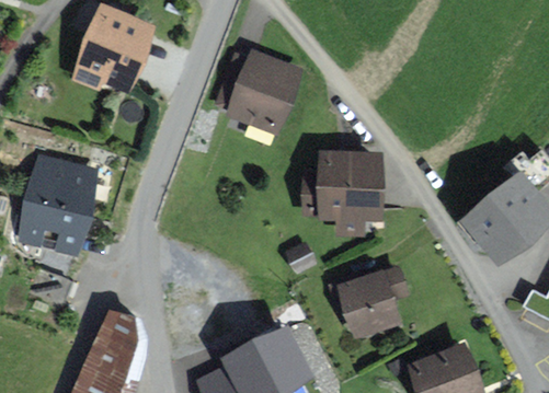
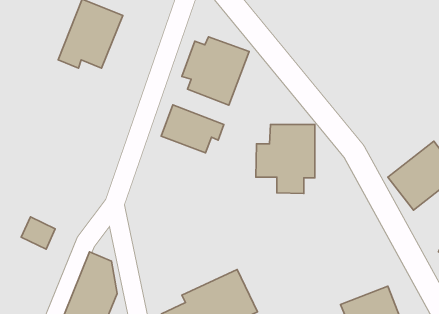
building: none -> [161,105,224,153]
building: [20,157,94,251] -> none
building: [340,268,405,333] -> none

